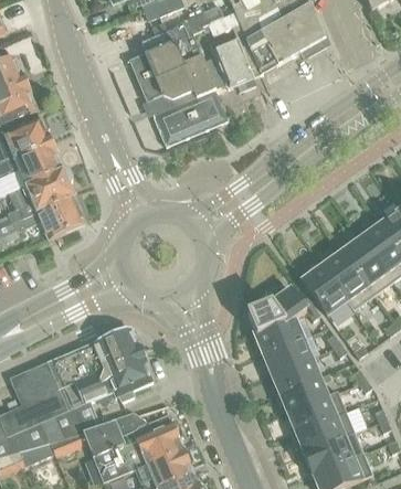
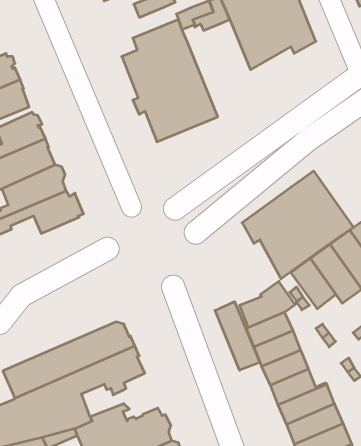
building: [205,39,255,91] -> none
building: none -> [242,171,353,279]
building: none -> [215,302,260,370]

